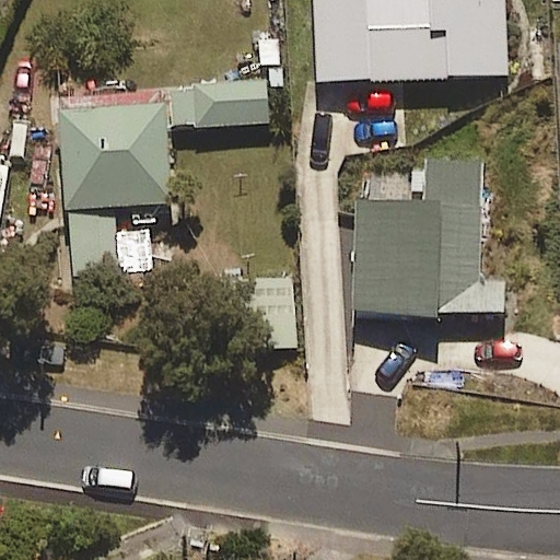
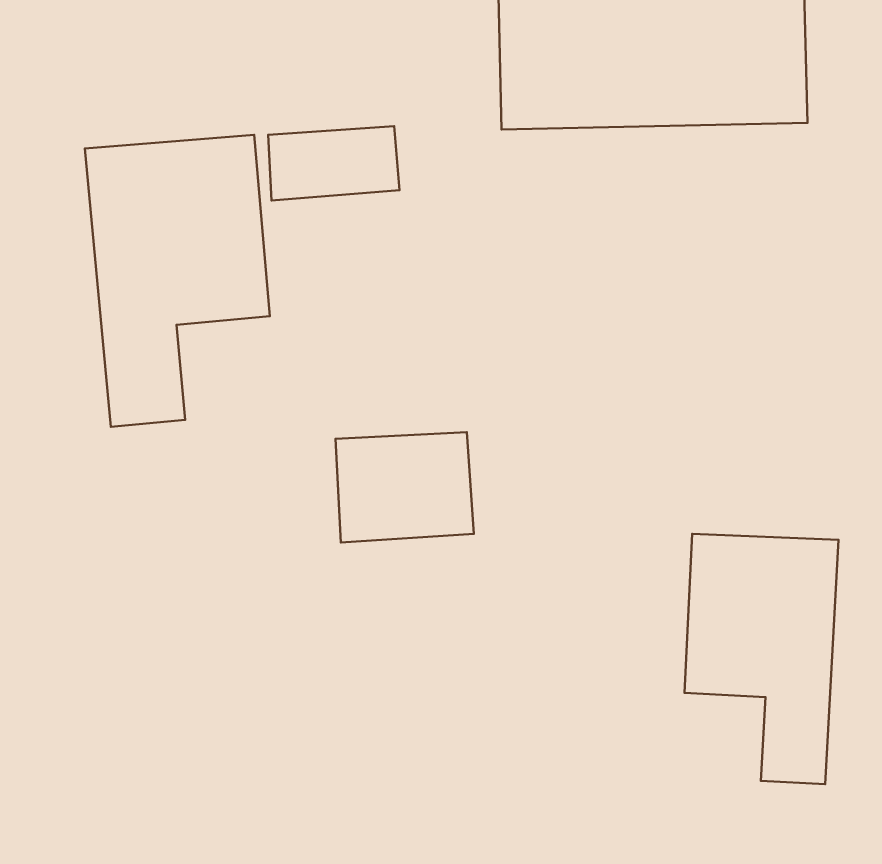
building: [351,153,506,320] -> none
building: none -> [685,534,839,784]

